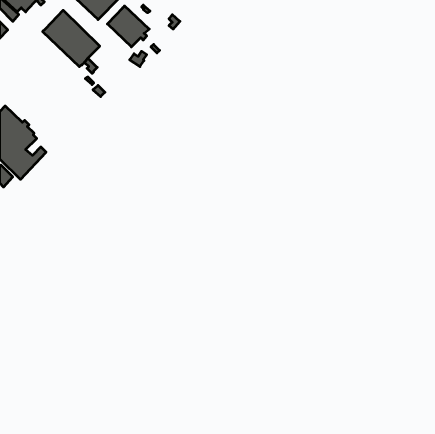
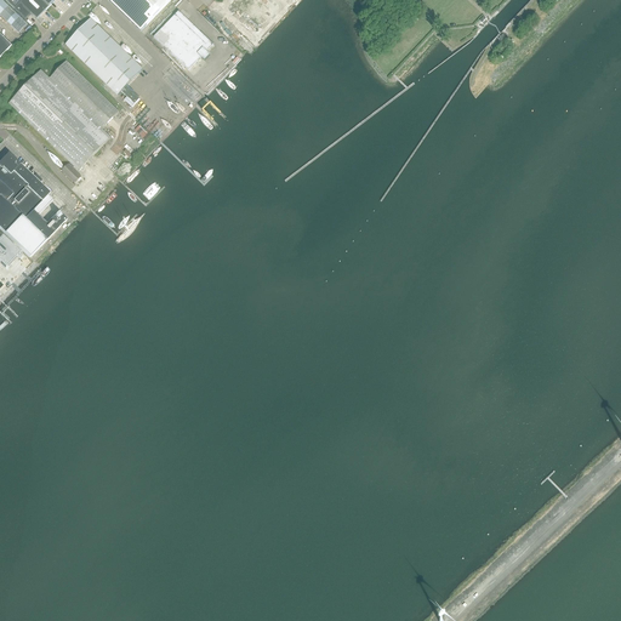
building: none -> [7,58,118,181]

